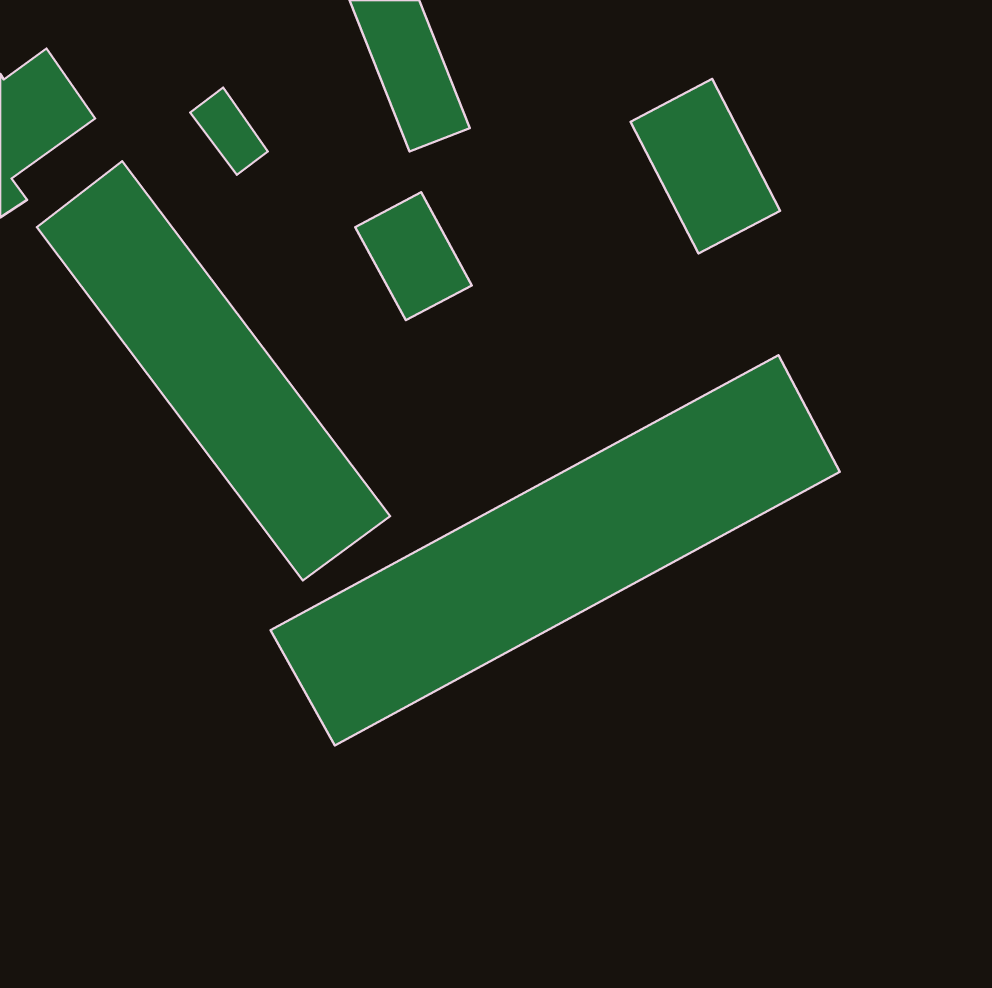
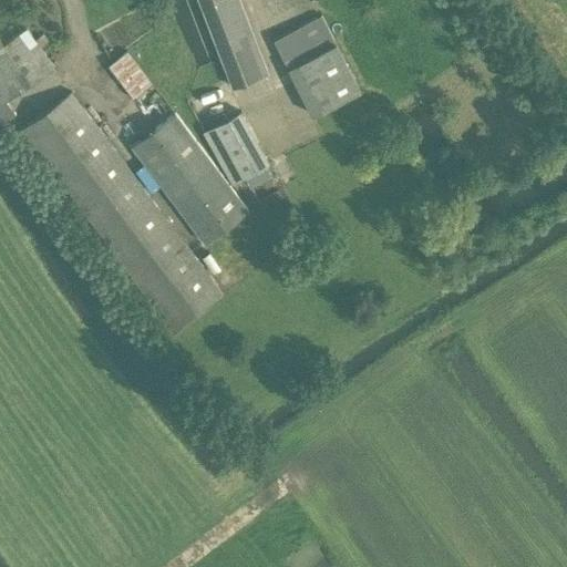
building: [631,79,780,254] -> [274,18,359,117]
building: none -> [132,115,248,245]
building: [270,355,840,746] -> none

